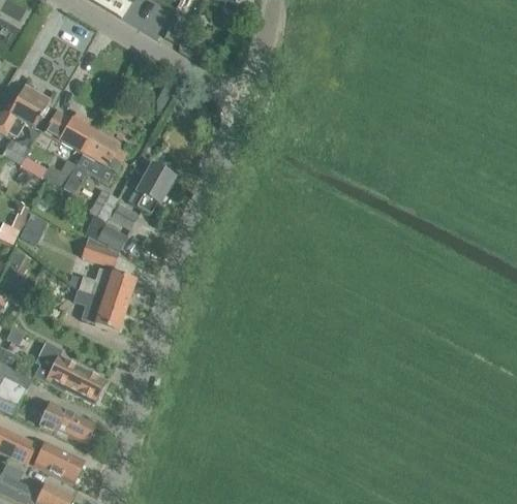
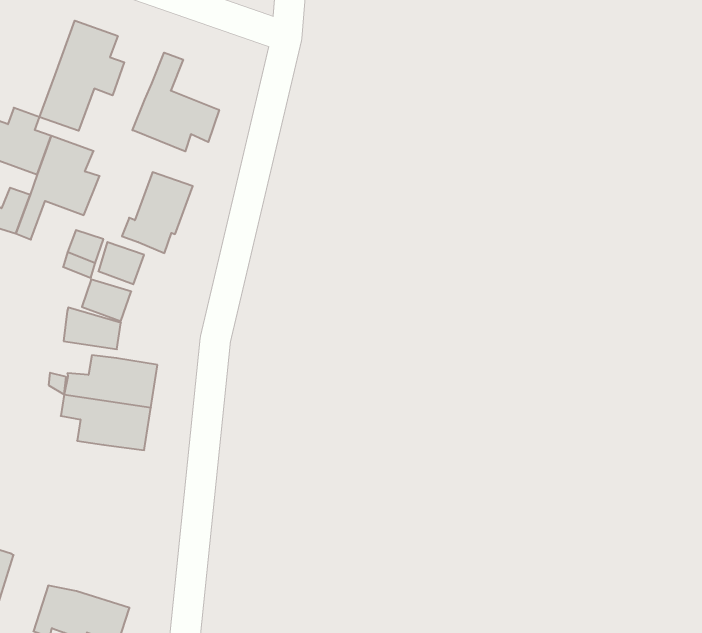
building: none -> [39,21,124,131]
building: none -> [132,53,219,151]
building: [31,338,105,402] -> none

